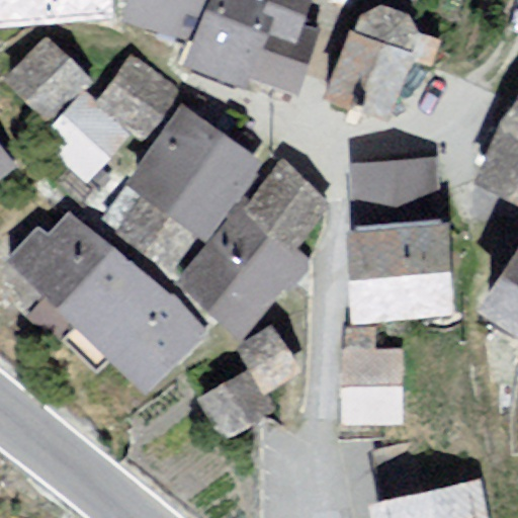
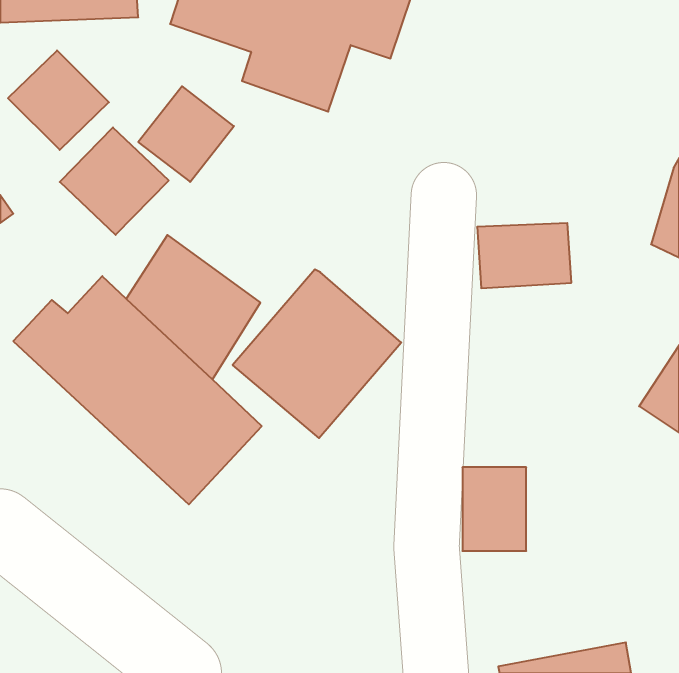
building: [328,9,420,124] -> none
building: [127,107,257,236] -> none
building: [244,162,331,247] -> none
building: [357,231,448,317] -> none
building: [203,321,297,431] -> none

